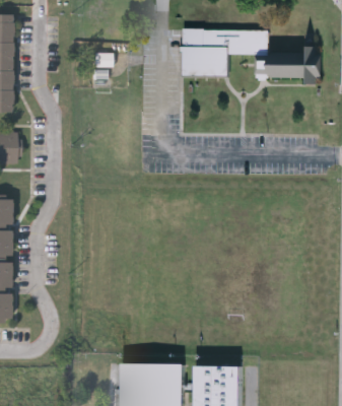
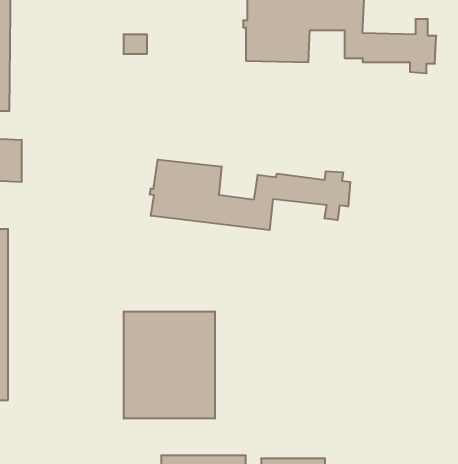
building: none -> [150,159,350,230]
building: none -> [124,311,215,419]

